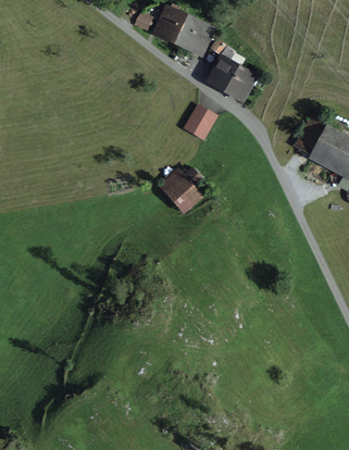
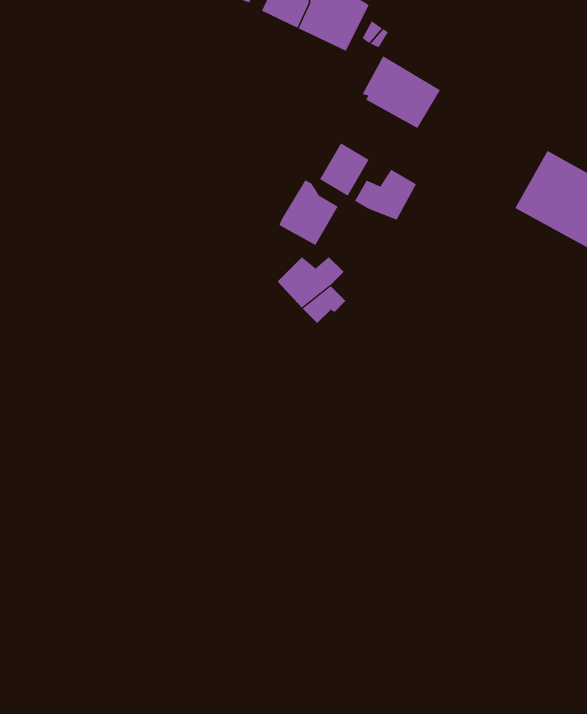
building: none -> [354,169,417,220]
building: none -> [279,179,338,246]

